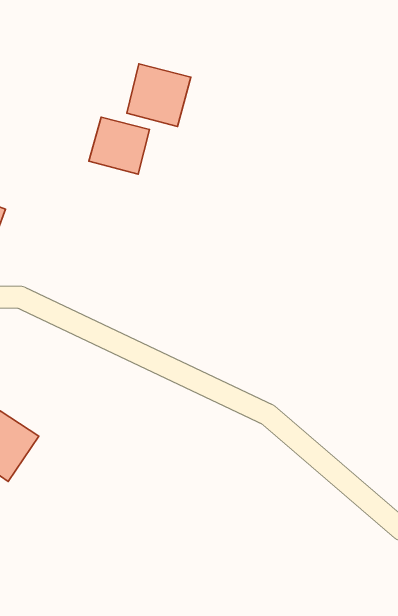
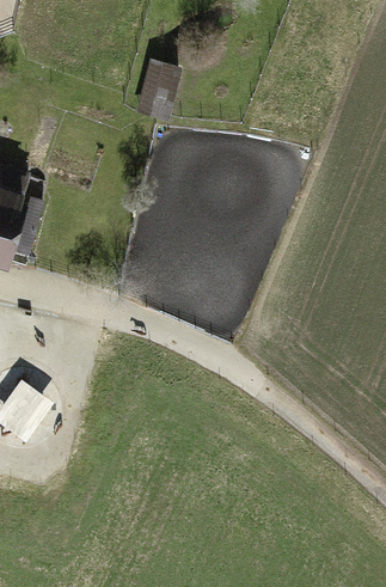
building: [89,117,150,174] -> none

